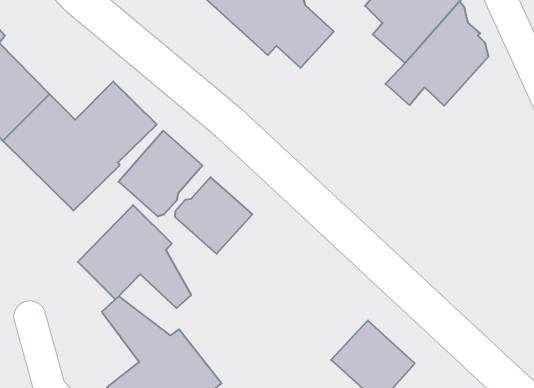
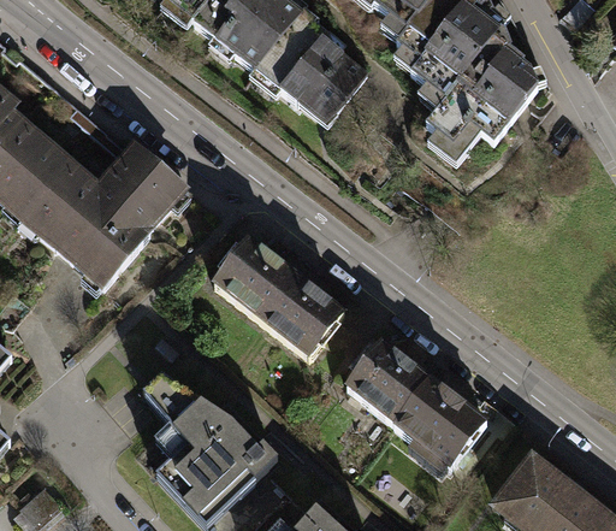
building: [118,131,203,217] -> none
building: [78,205,191,308] -> none
building: none -> [261,275,344,358]
building: none -> [345,341,430,424]

